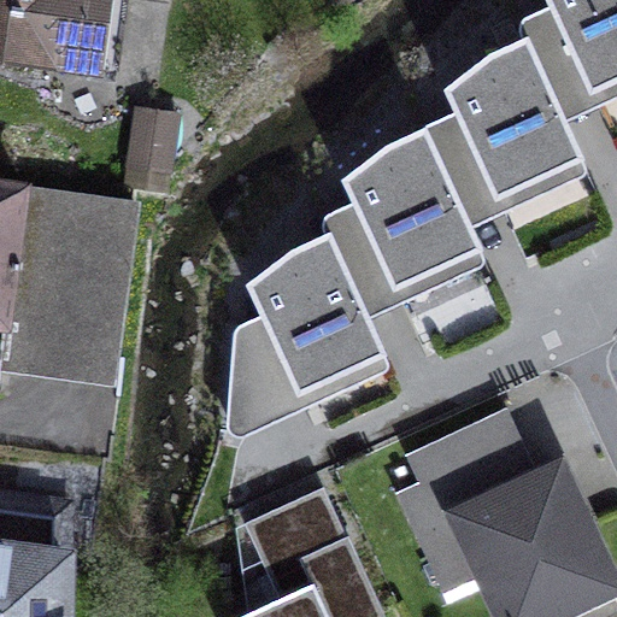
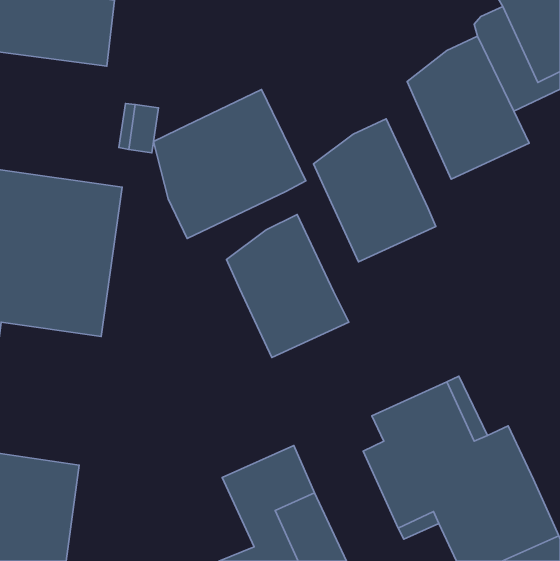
building: none -> [153,90,306,238]
building: [423,113,584,228] -> none
building: [323,204,481,319] -> none
building: [229,317,387,435] -> none

